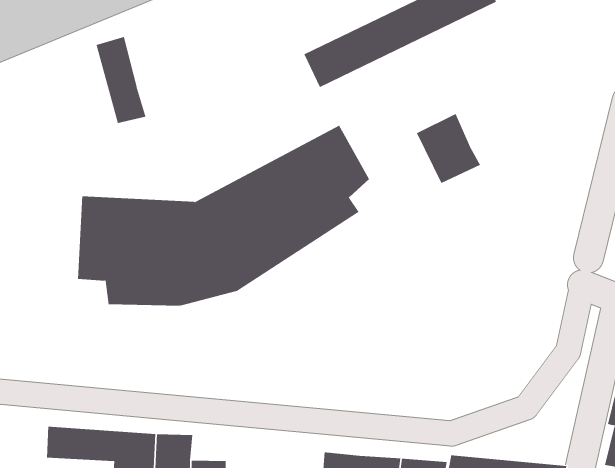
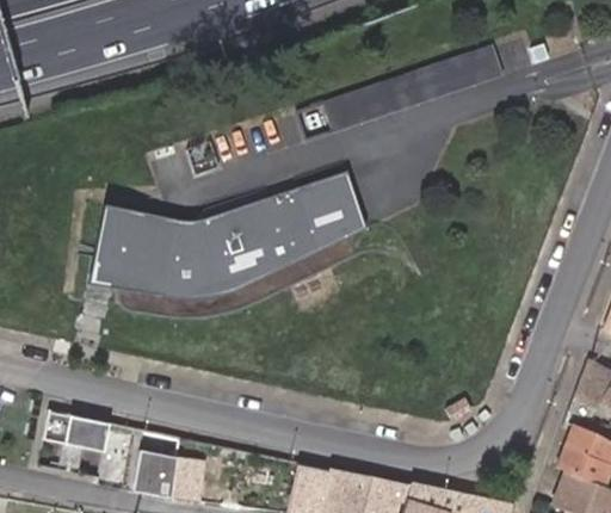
building: [96,36,146,124] -> none
building: [416,113,481,184] -> none

